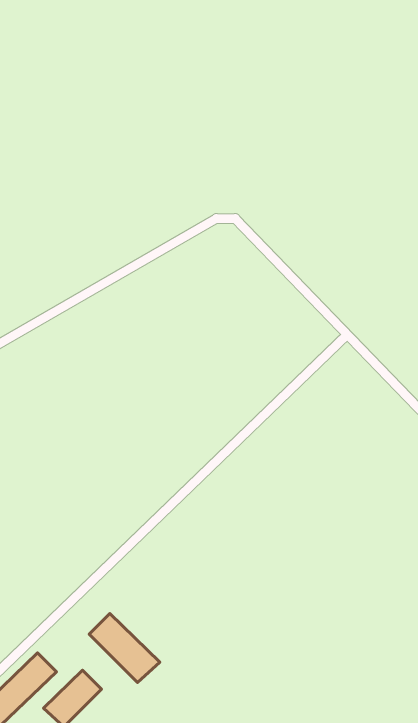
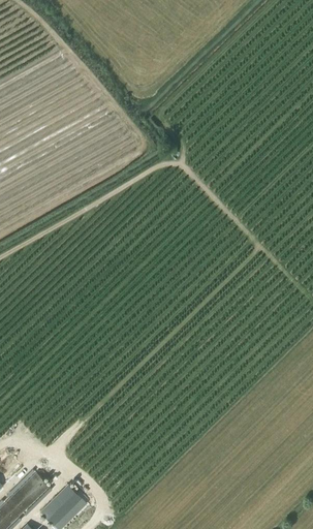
building: [89,614,160,683] -> none

